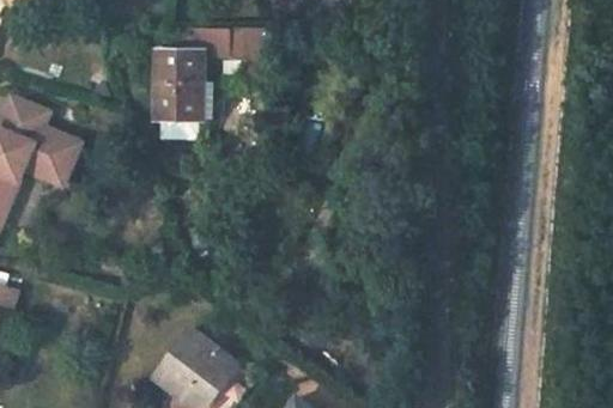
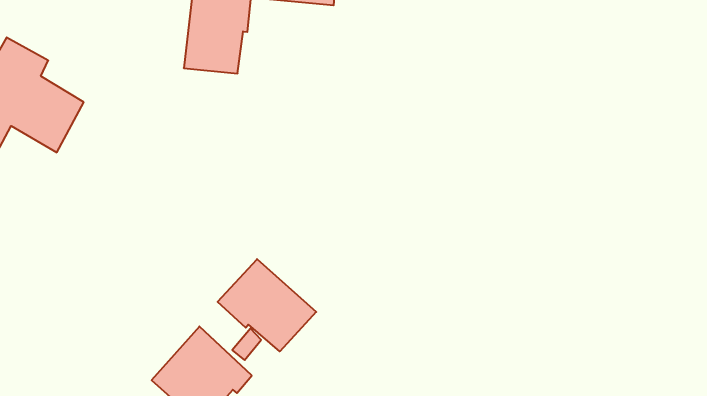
building: none -> [218,259,316,351]

